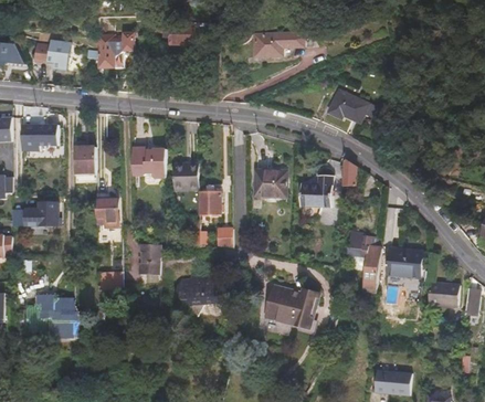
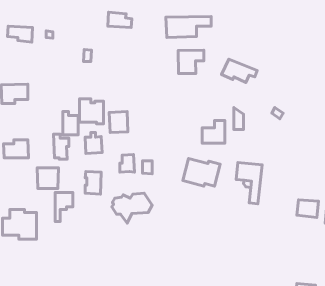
building: [96,31,133,88] -> none
building: none -> [178,50,204,74]
building: [74,141,95,173] -> [63,111,78,135]
building: [252,169,285,198] -> none
building: [198,184,221,213] -> [85,132,102,153]
building: none -> [37,168,58,189]
building: [384,247,422,277] -> none
building: [264,285,315,322] -> [183,159,220,186]
building: [376,367,413,393] -> none

